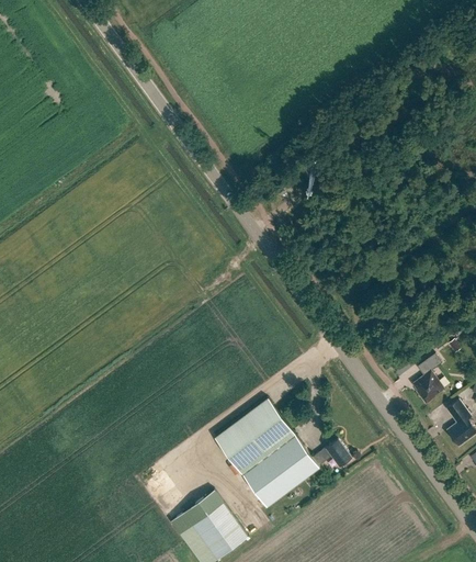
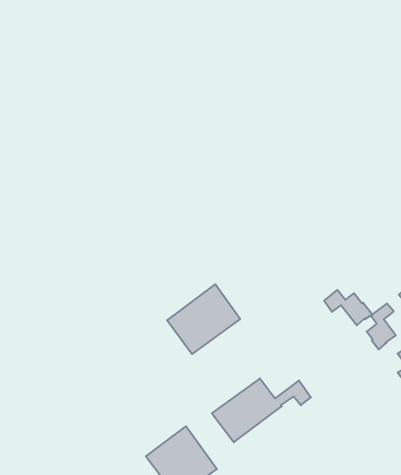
building: none -> [324,290,372,325]
building: [215,398,295,475] -> [167,284,240,354]

